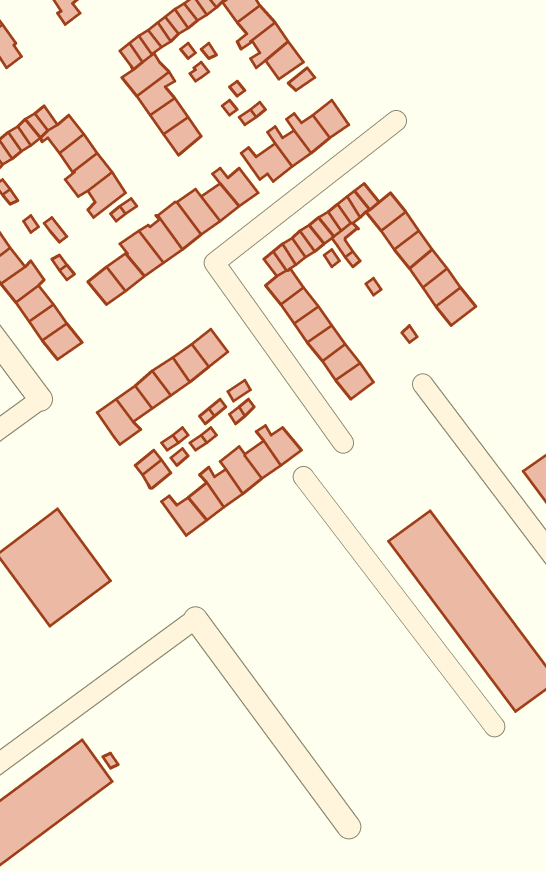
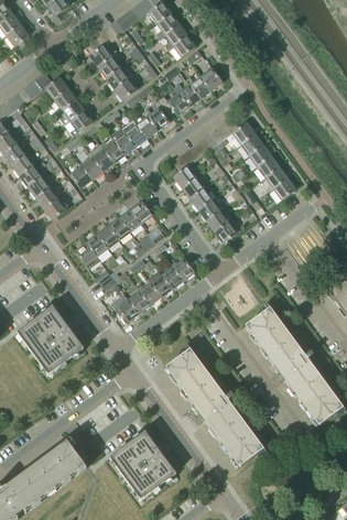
building: none -> [165,347,262,465]
building: none -> [109,431,175,498]

